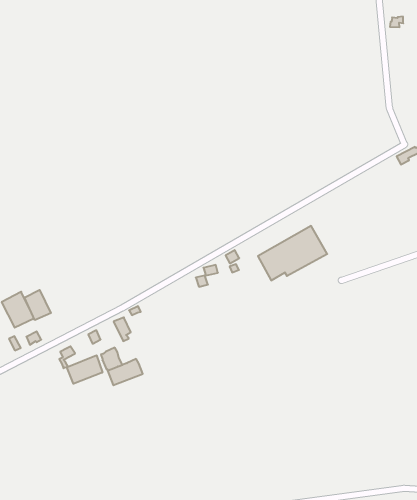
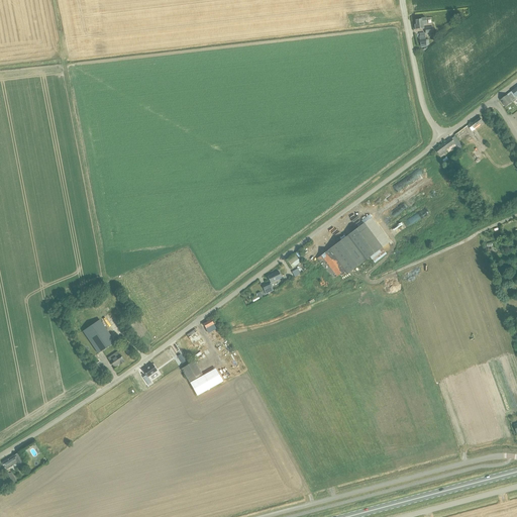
building: [24,290,51,320] -> none
building: [67,355,102,384] -> none

